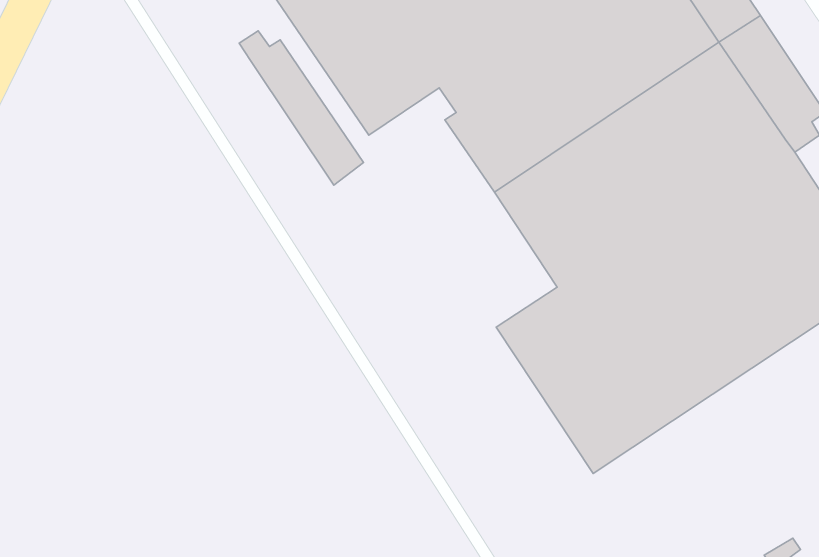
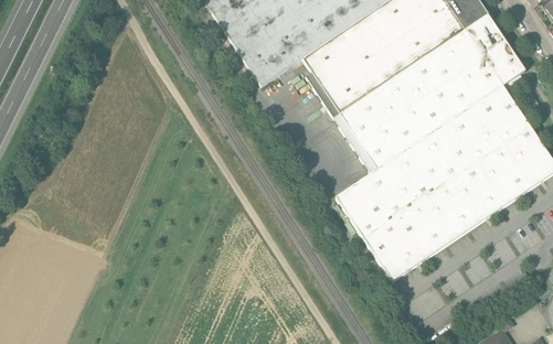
building: [239,31,364,185] -> none

